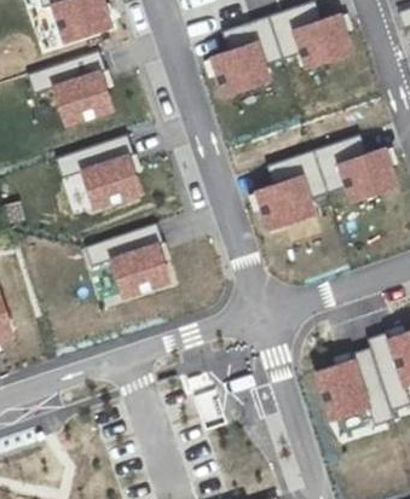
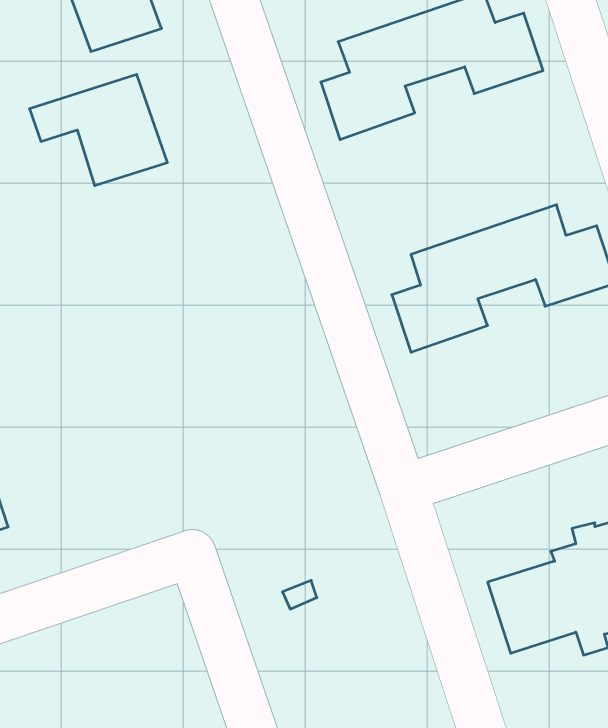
building: [56,138,143,209] -> none
building: [83,226,169,297] -> none

